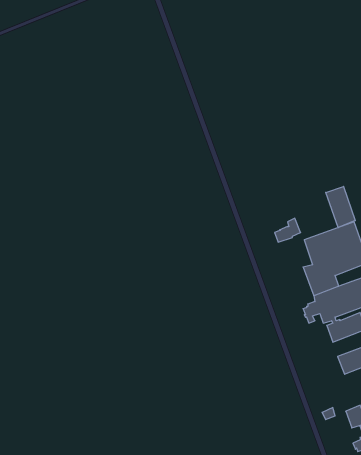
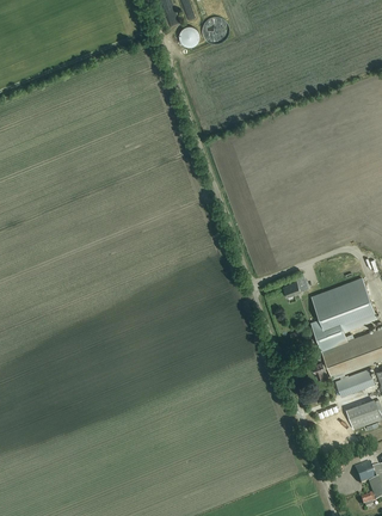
building: [326,186,355,228] -> none

